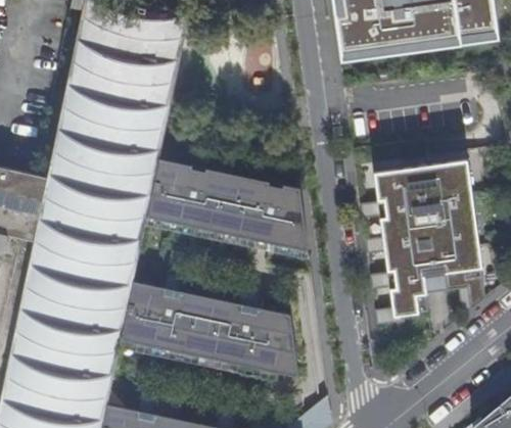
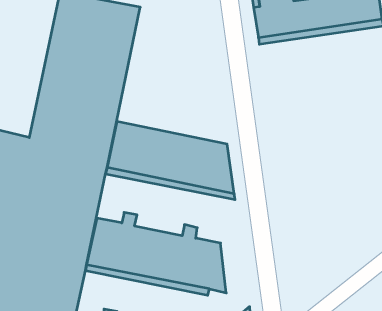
building: [362,158,485,324] -> none

